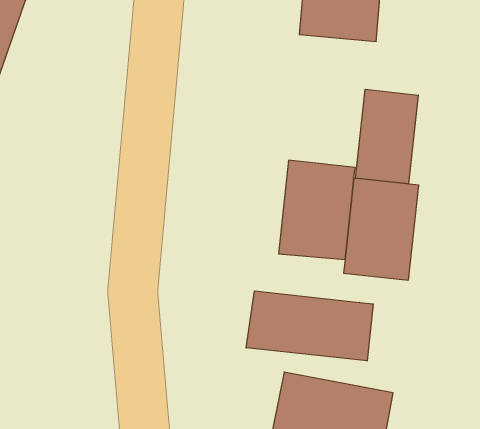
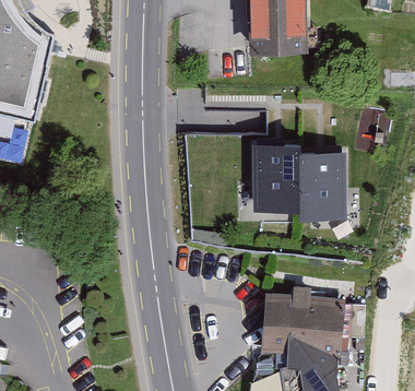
building: [355,89,418,184] -> none
building: [246,291,373,361] -> none

